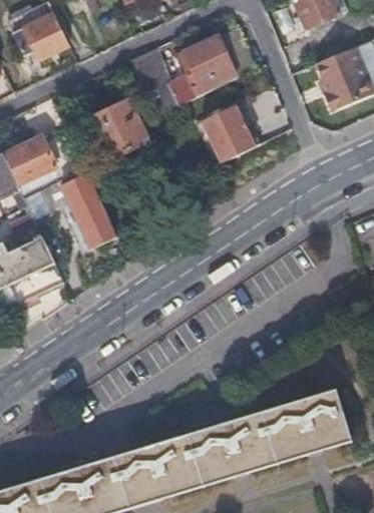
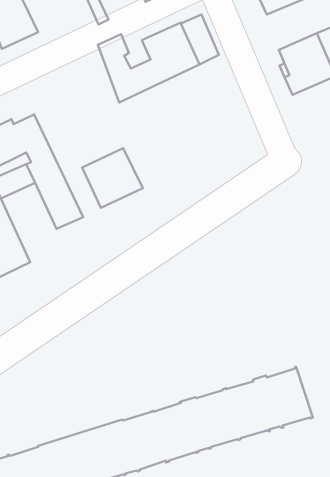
building: [87,100,149,161] -> [82,148,143,208]
building: [202,104,255,161] -> none

